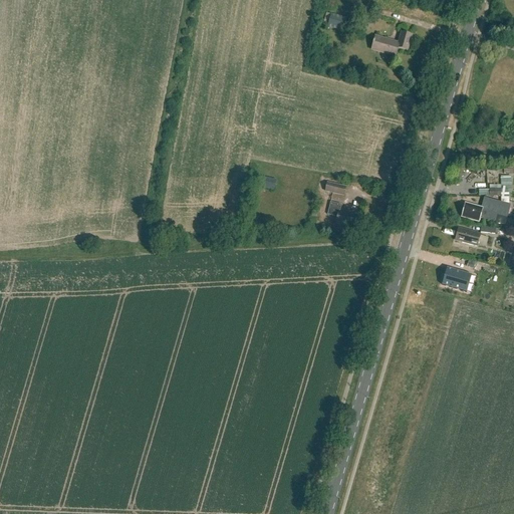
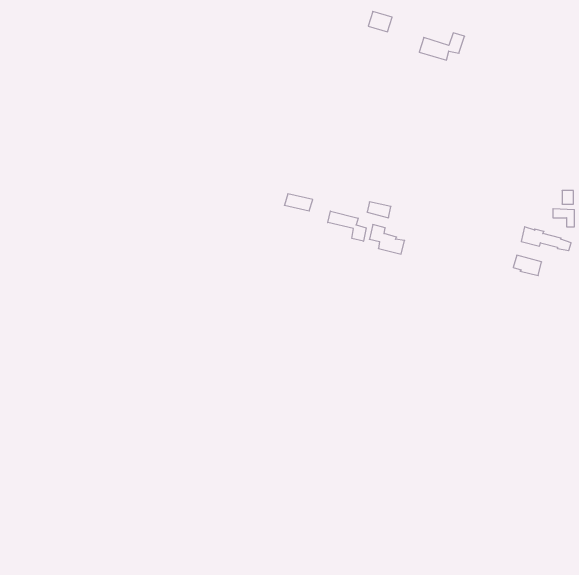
building: none -> [328,211,366,241]
building: [442,264,472,289] -> none

